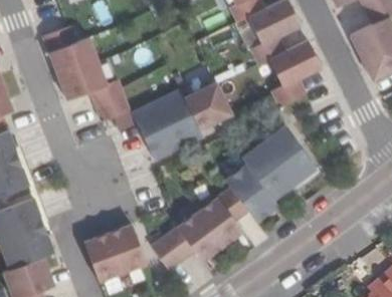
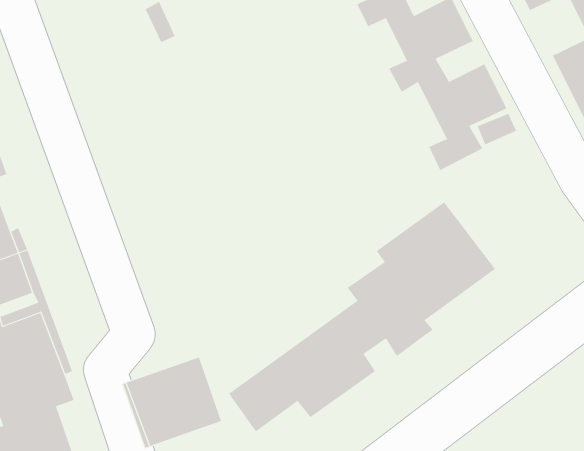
building: [40,25,124,120] -> none
building: [135,81,235,162] -> none

